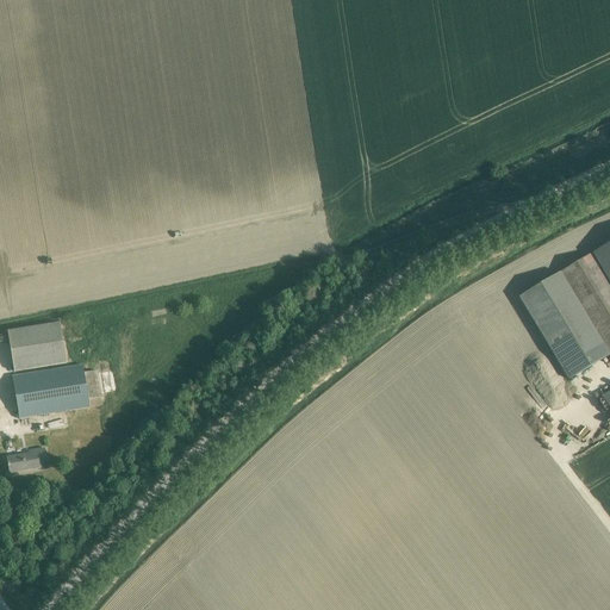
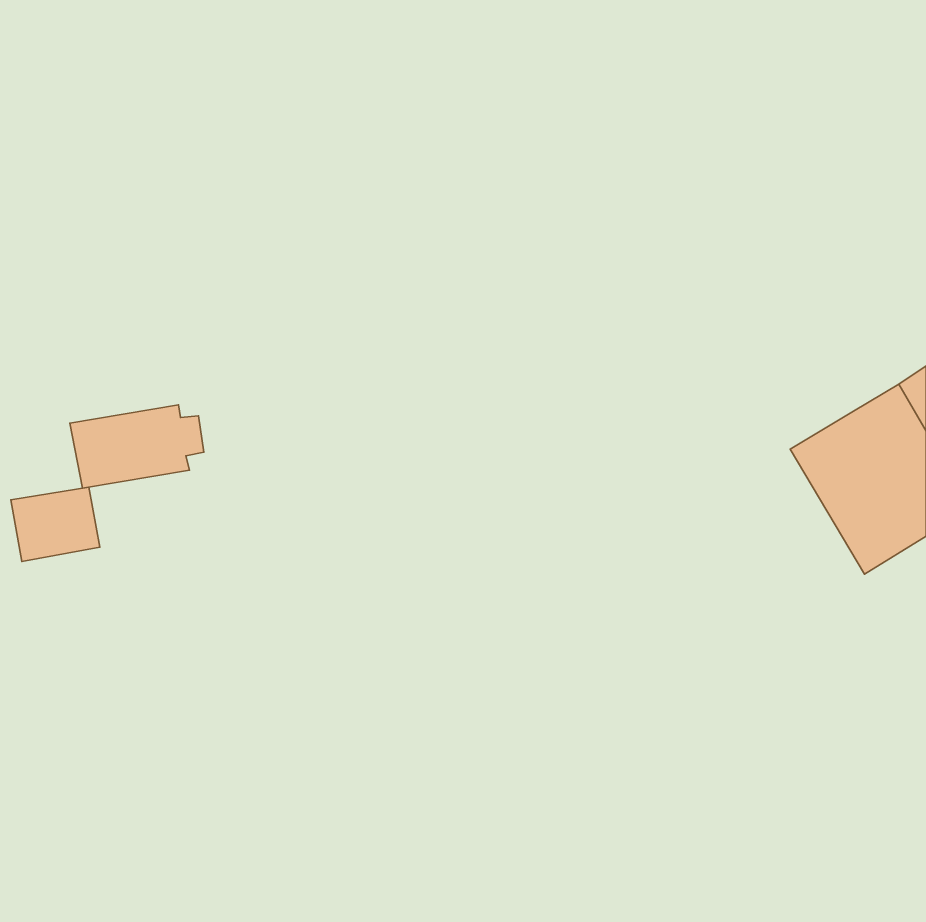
building: [12,362,100,417] -> [70,405,204,488]
building: [7,447,48,472] -> none

